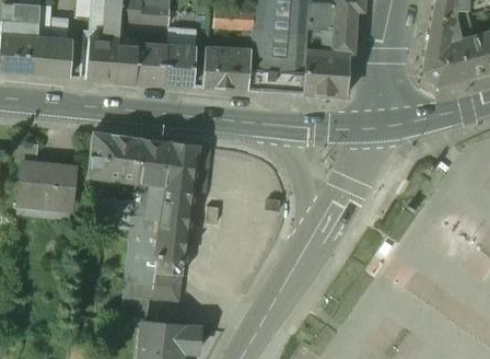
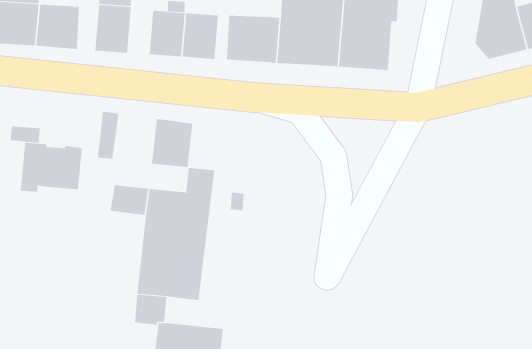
building: [115,42,137,82] -> none
building: [102,135,140,180] -> none
building: [168,143,197,185] -> none

